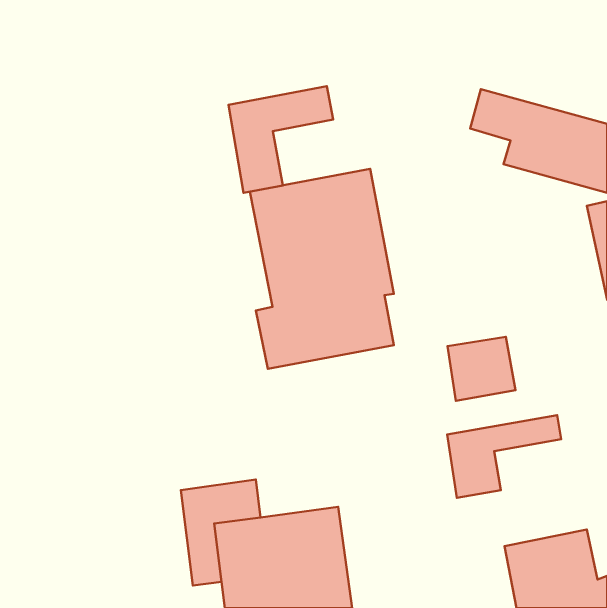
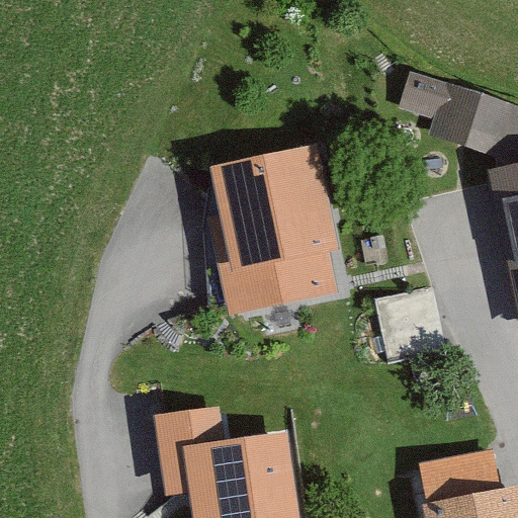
building: [228,86,333,193] -> none
building: [447,415,561,498] -> none

